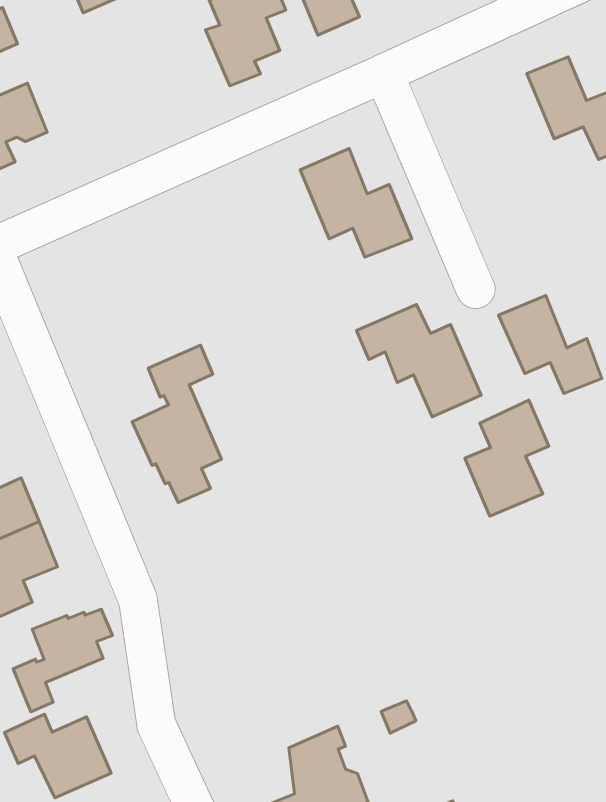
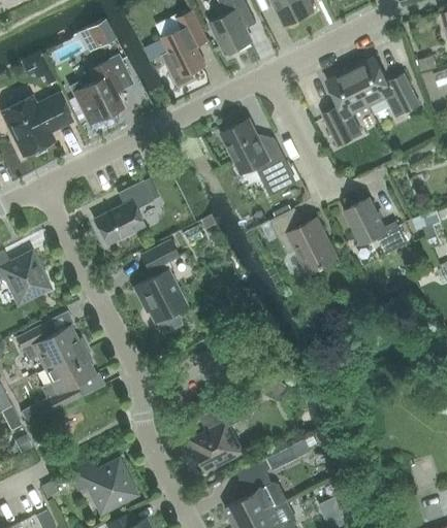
building: none -> [70,56,131,128]
building: none -> [323,69,370,145]
building: none -> [94,180,154,245]
building: [465,400,549,516] -> none
building: [13,609,113,712] -> none
building: none -> [192,401,243,471]

